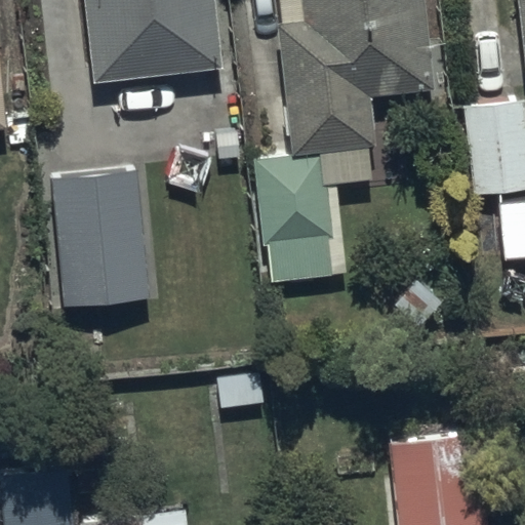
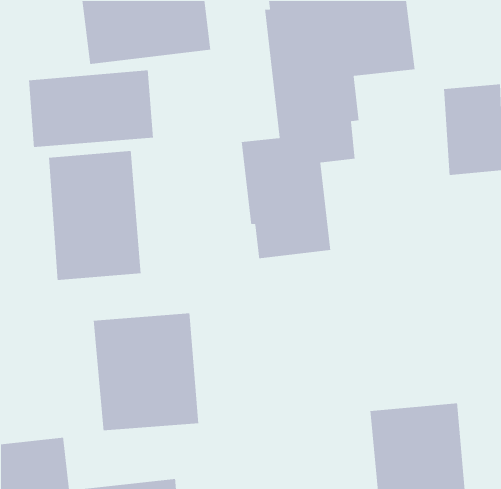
building: none -> [28,69,154,148]
building: none -> [93,312,199,431]

